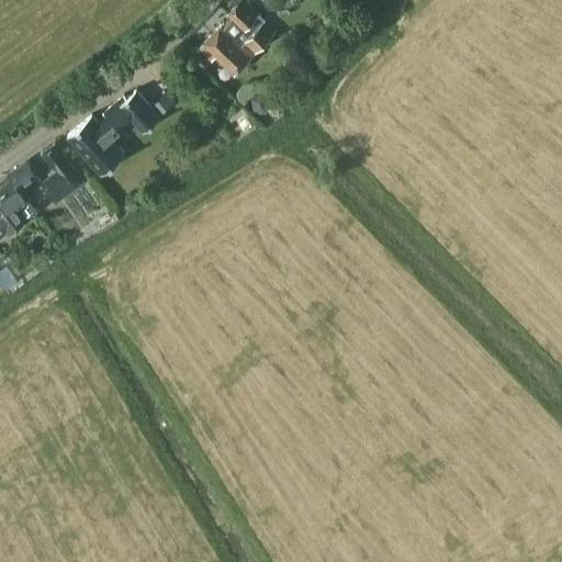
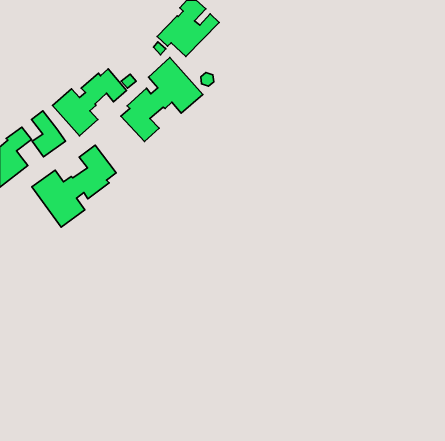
building: none -> [121,57,203,142]
building: none -> [32,145,116,227]

